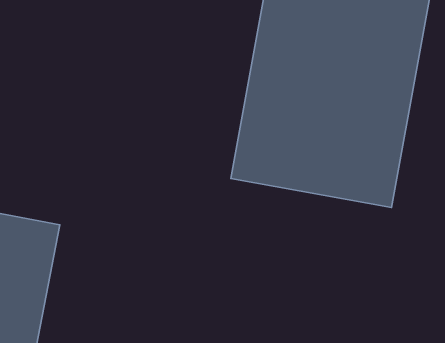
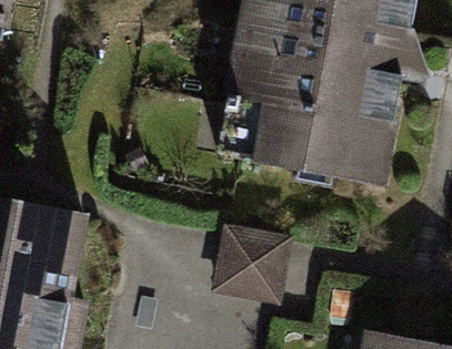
building: none -> [208,217,285,287]

